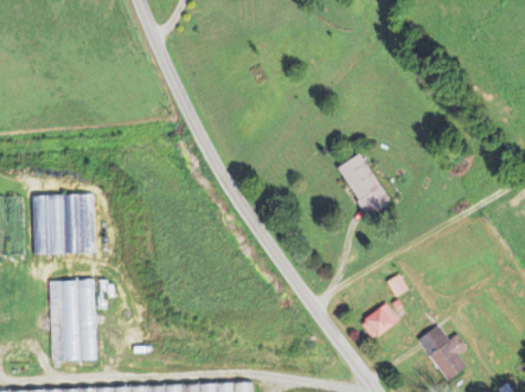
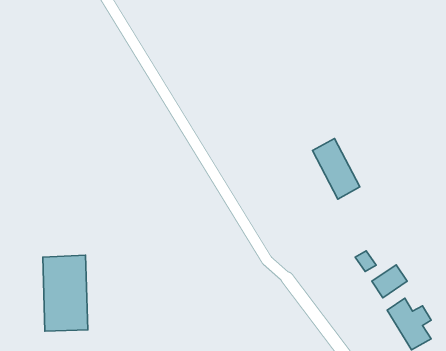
building: [33,193,95,253] -> none
building: [361,303,399,339] -> [372,265,407,298]

